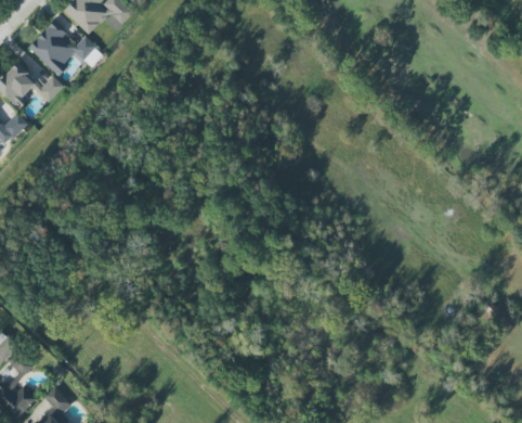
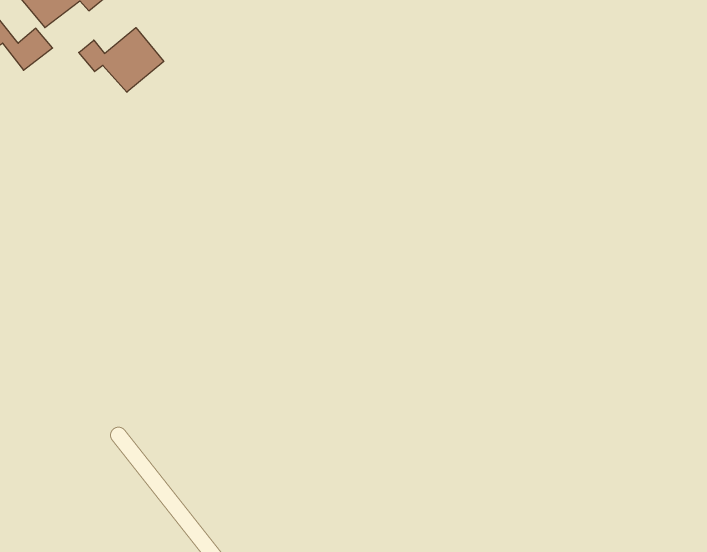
building: none -> [79,28,164,92]

